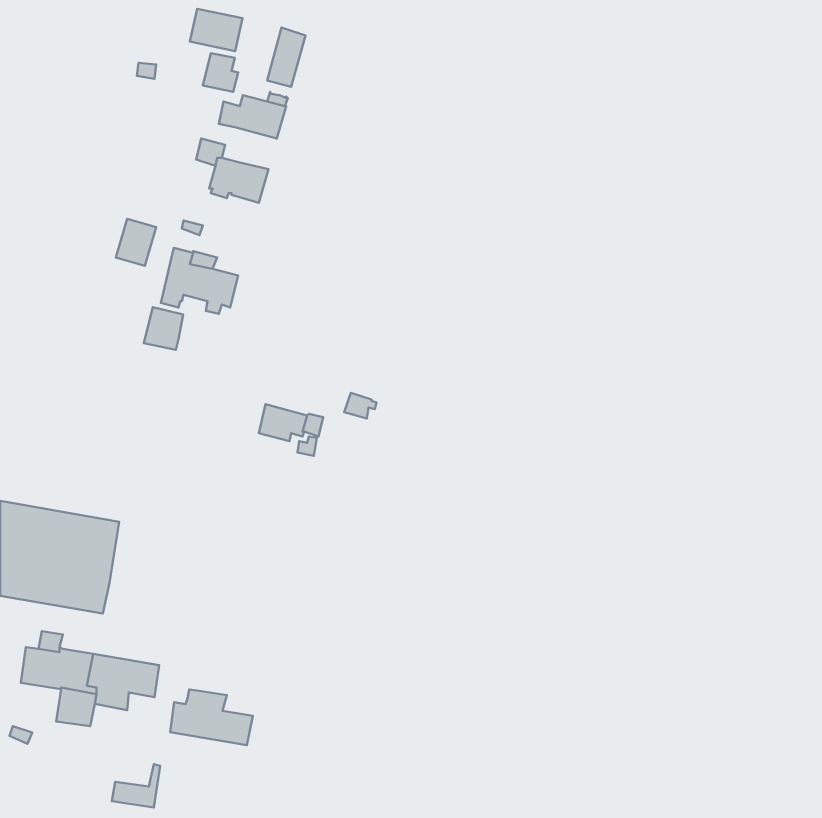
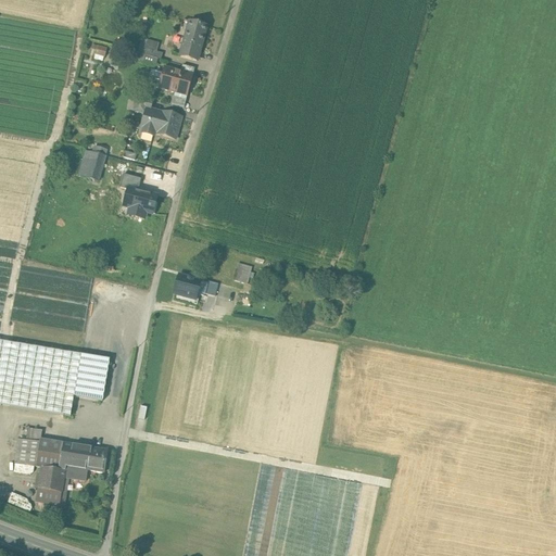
building: [190,9,242,51] -> none
building: [144,307,183,350] -> none
building: none -> [74,352,110,397]
building: [170,690,253,745] -> none
building: [112,764,160,808] -> [36,475,68,504]

